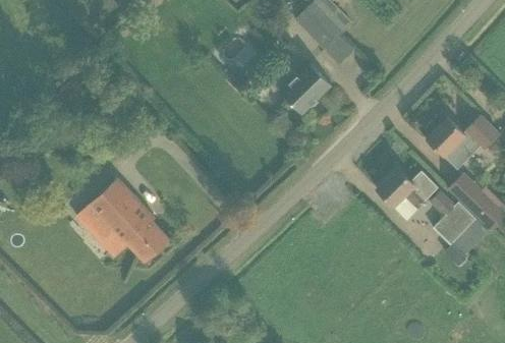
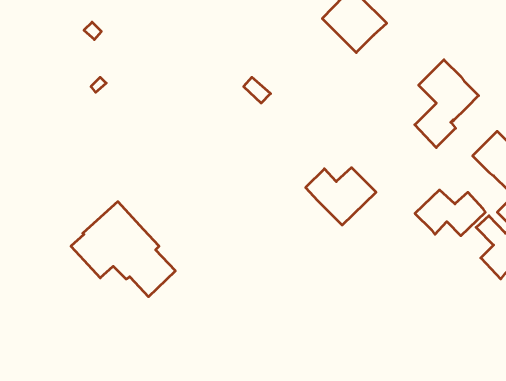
building: none -> [415,60,479,148]
building: [270,64,331,114] -> [306,168,376,225]

